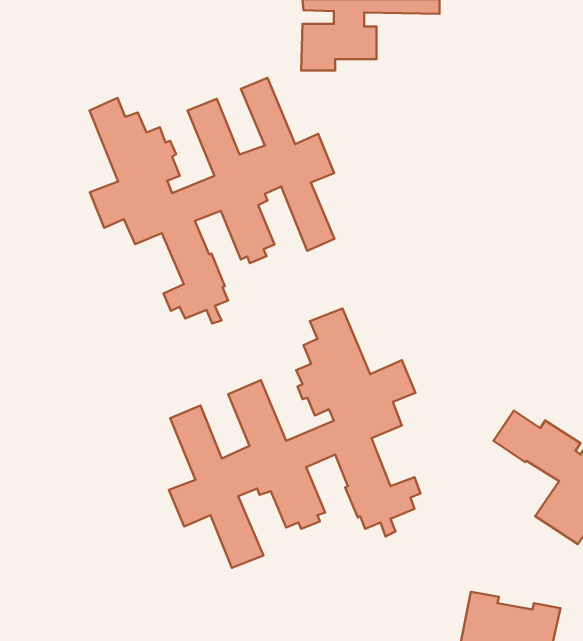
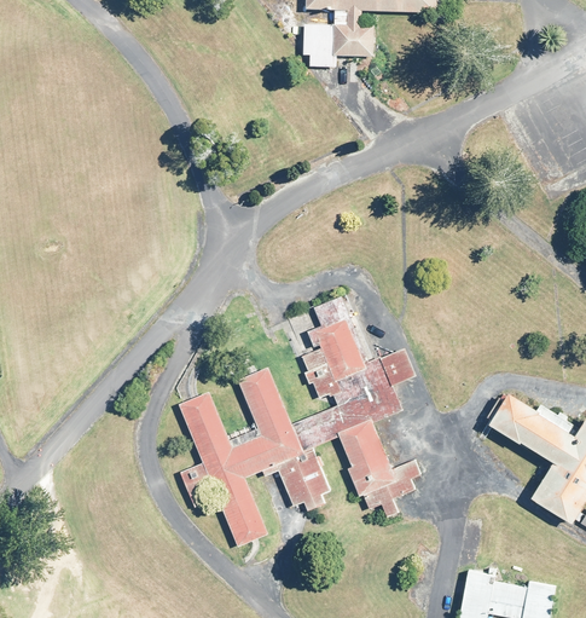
building: [89,78,335,323] -> none

